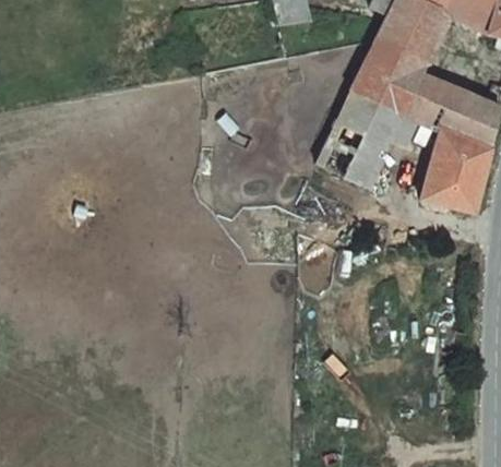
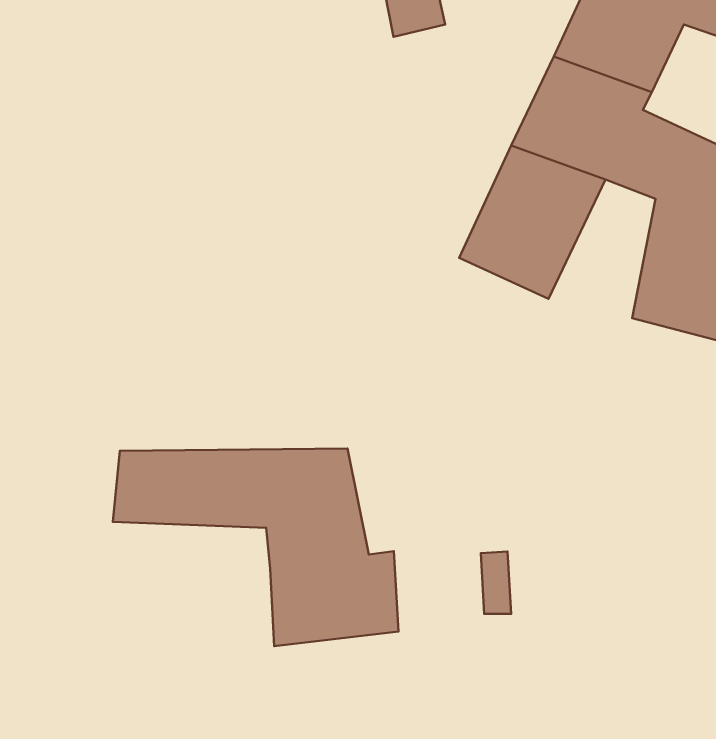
building: none -> [113,448,399,646]

